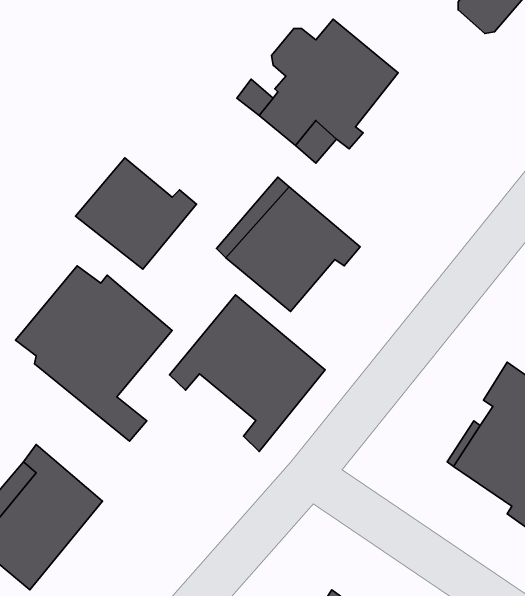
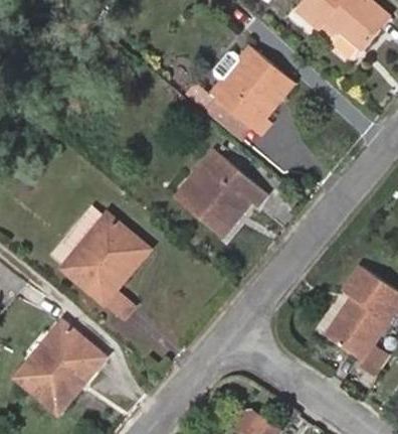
building: [76,158,197,269] -> none
building: [170,295,325,451] -> none

